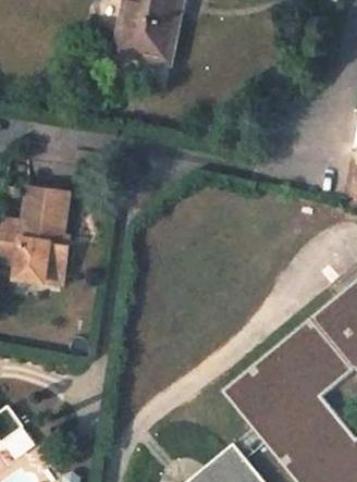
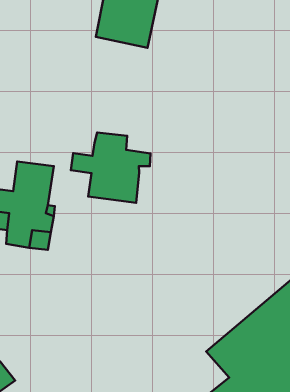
building: none -> [71,132,150,203]

